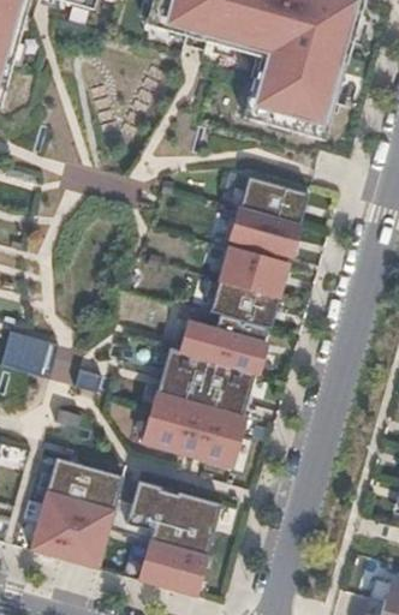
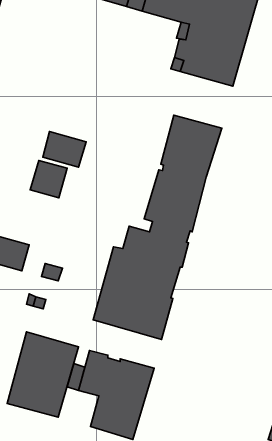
building: none -> [43,132,86,167]
building: none -> [30,161,67,198]

